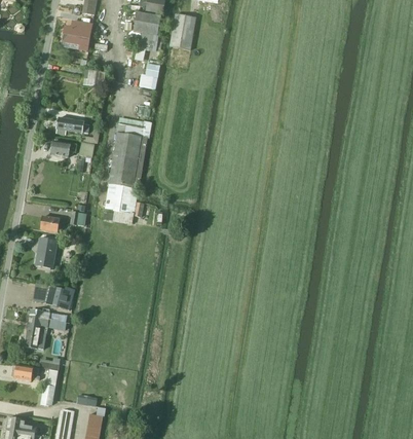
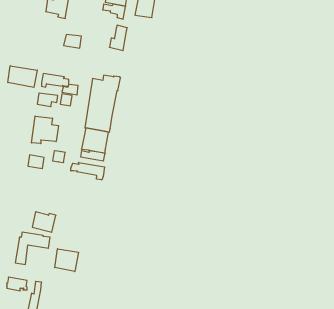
building: none -> [8,66,37,87]
building: none -> [32,116,59,144]
building: none -> [71,162,104,180]
building: [35,237,58,268] -> none
building: none -> [55,249,78,272]

